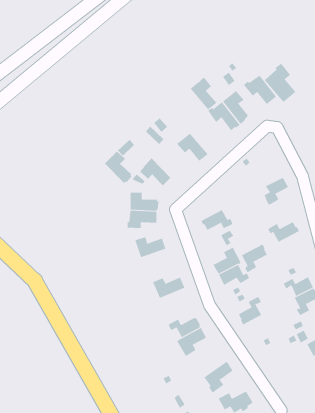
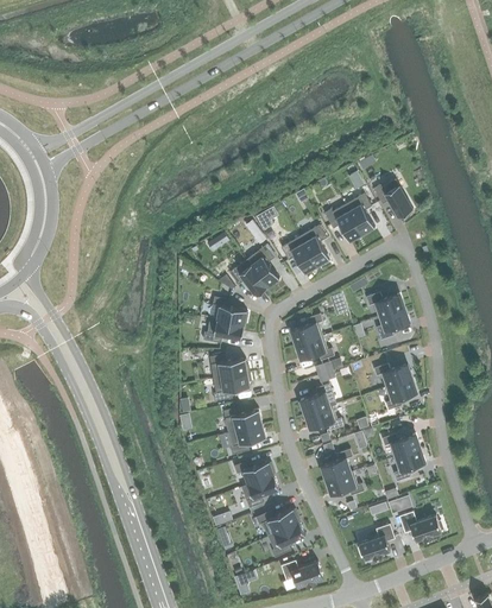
building: [264,63,296,103] -> none
building: [190,77,217,110] -> [299,224,330,266]
building: [104,151,133,184] -> [247,246,279,287]
building: none -> [366,292,404,318]
building: none -> [291,314,323,346]
building: [241,244,268,273] -> [385,378,417,410]
building: none -> [213,373,251,401]
building: none -> [229,424,266,455]
building: none -> [326,471,365,495]
building: none -> [358,524,395,559]
building: none -> [256,508,299,537]

